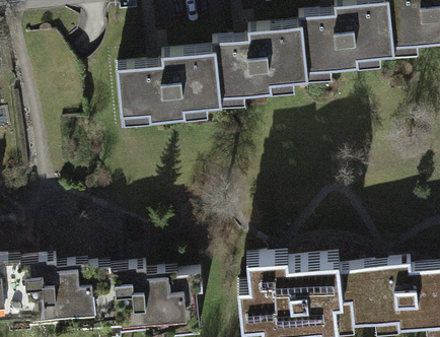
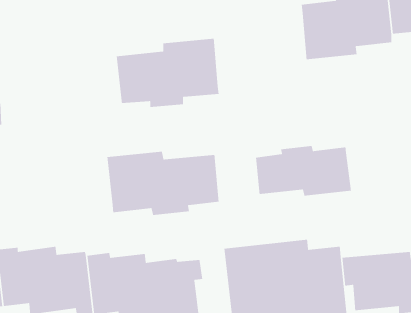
building: [214,25,307,98] -> none
building: none -> [255,145,352,196]
building: none -> [106,151,219,216]

